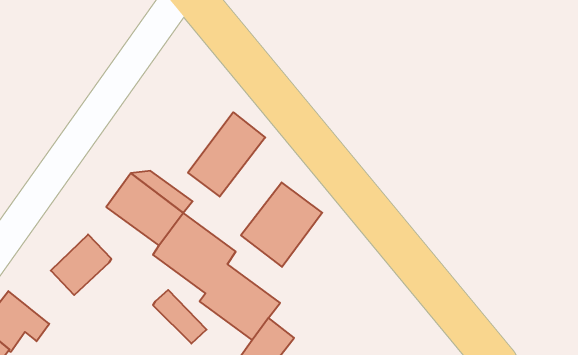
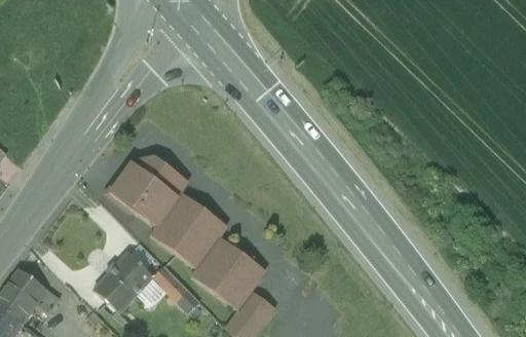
building: [188,112,265,197] -> none
building: [241,182,322,267] -> none
building: [51,234,111,295] -> [99,253,152,306]

